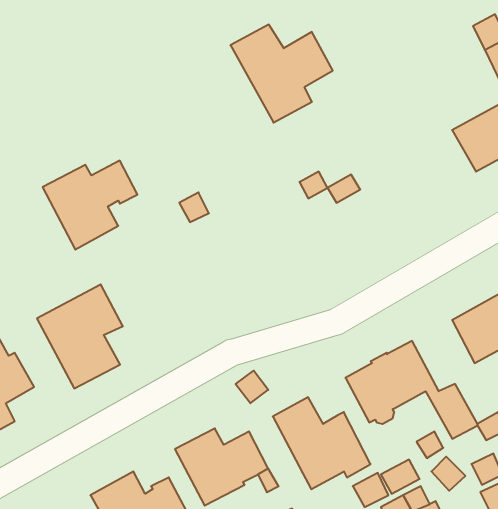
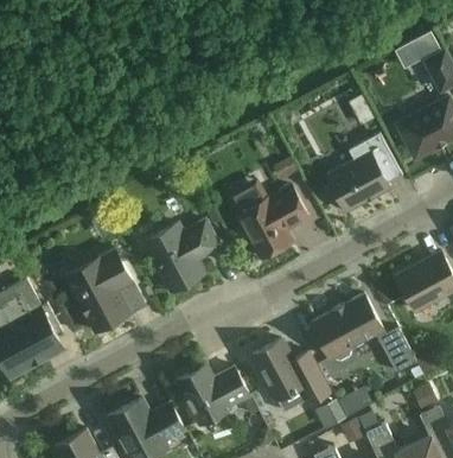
building: [230,25,333,123] -> [226,179,308,257]
building: none -> [326,133,402,211]
building: [43,161,137,250] -> [143,220,219,291]

